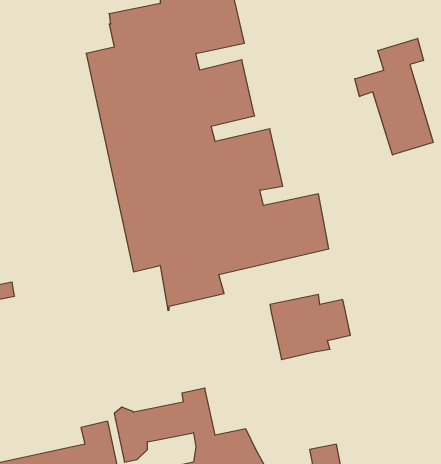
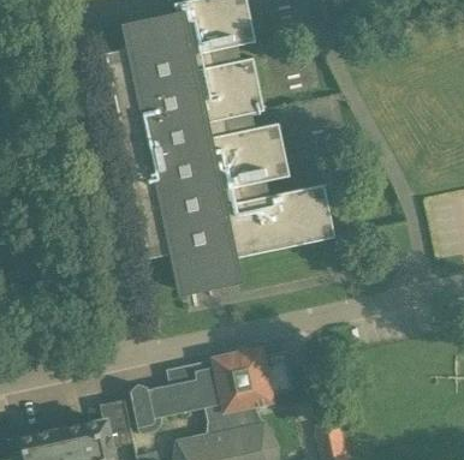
building: [355,38,433,155] -> none
building: [270,294,350,360] -> [218,350,293,411]

